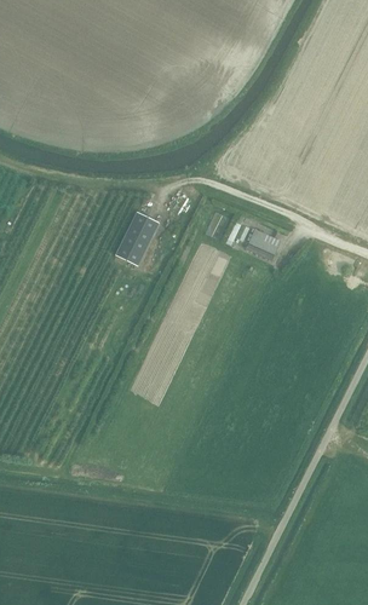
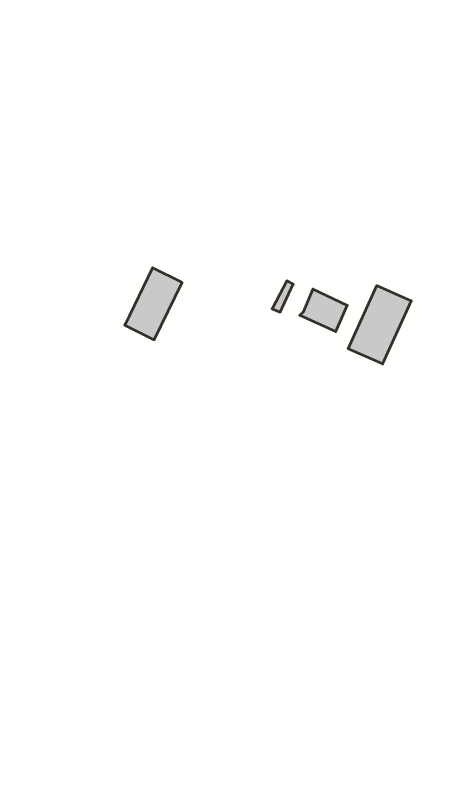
building: none -> [348,286,411,364]

